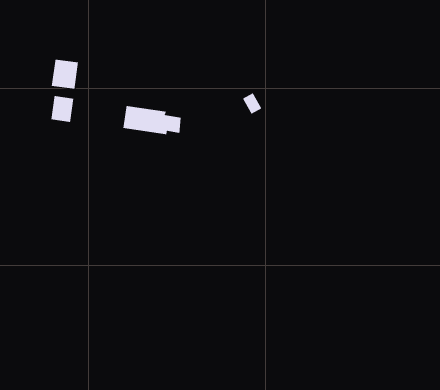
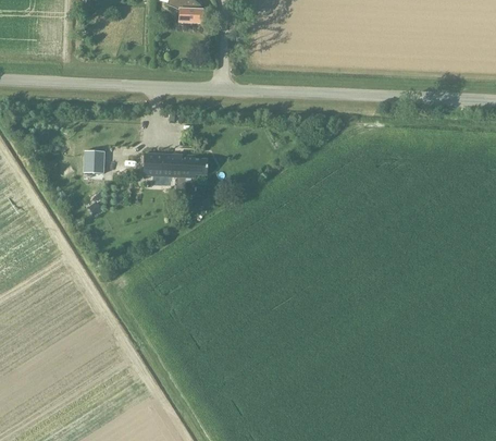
building: [51,59,79,90] -> none

